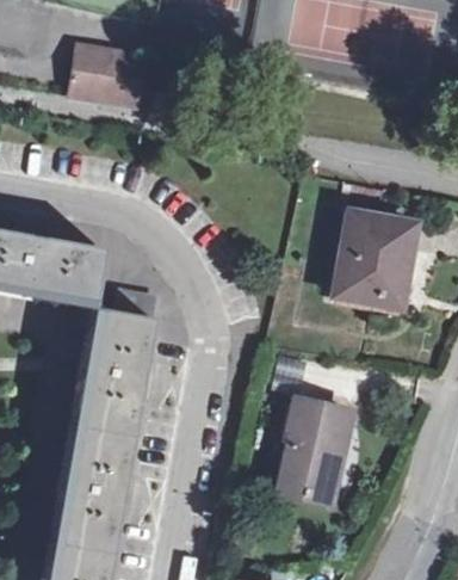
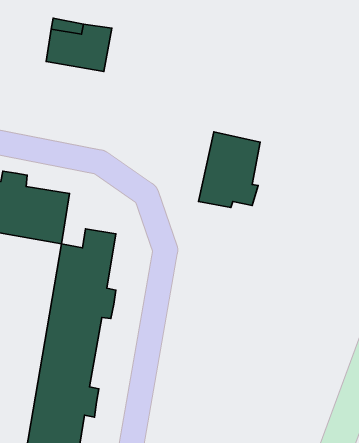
building: [345,216,417,306] -> [199,132,260,208]
building: [280,396,352,496] -> none

